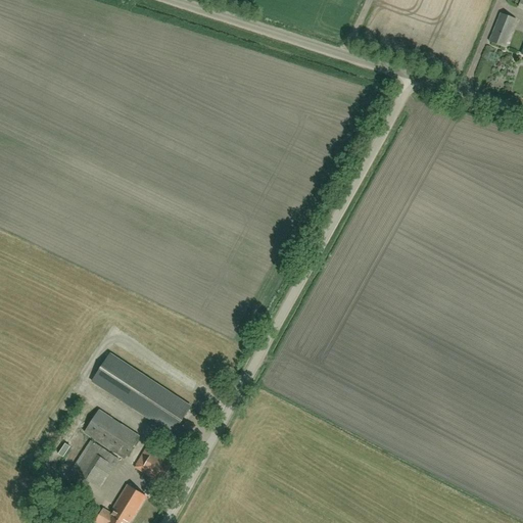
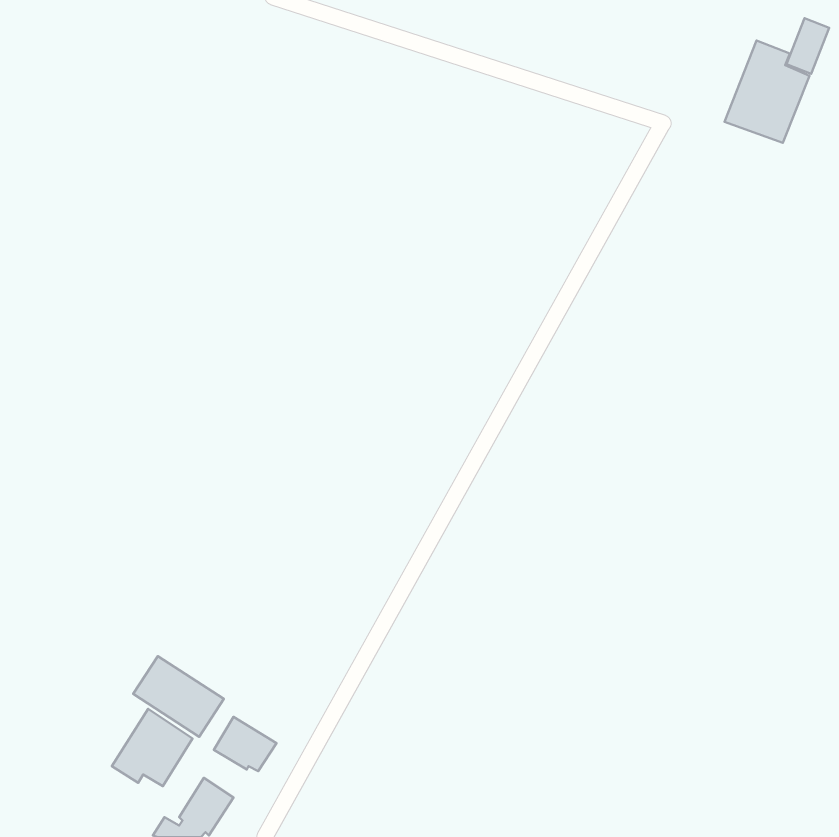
building: none -> [724,40,810,143]
building: [91,352,189,432] -> none

